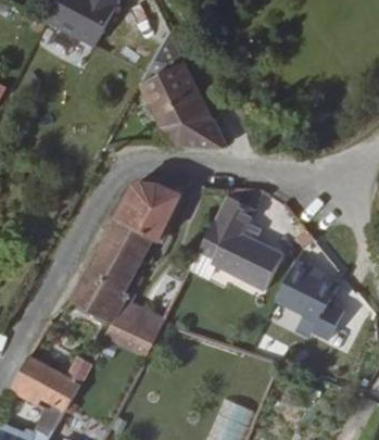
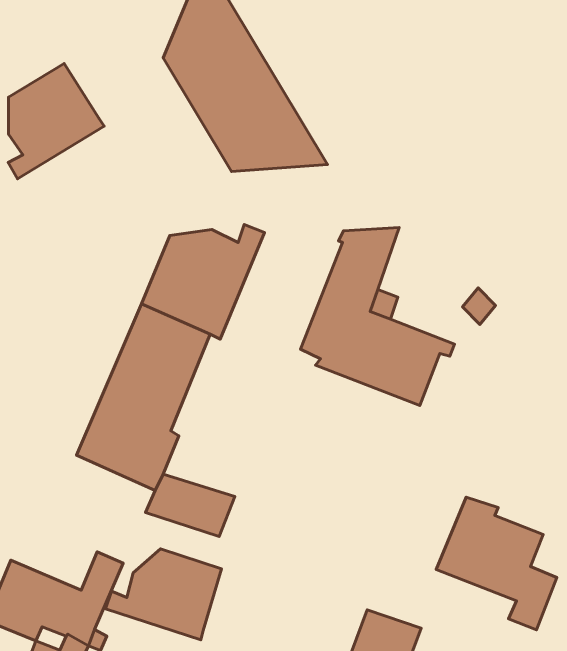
building: none -> [8,64,104,179]
building: [274,263,341,341] -> [436,497,557,630]
building: none -> [106,549,222,640]

